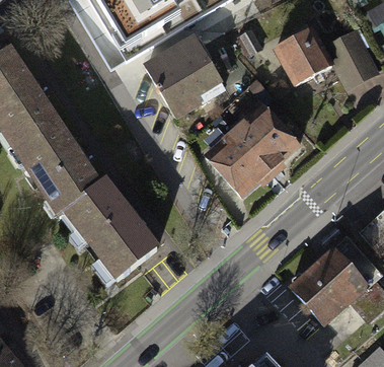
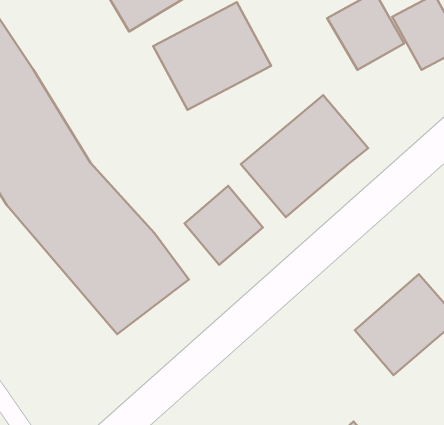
building: none -> [184,186,263,265]

